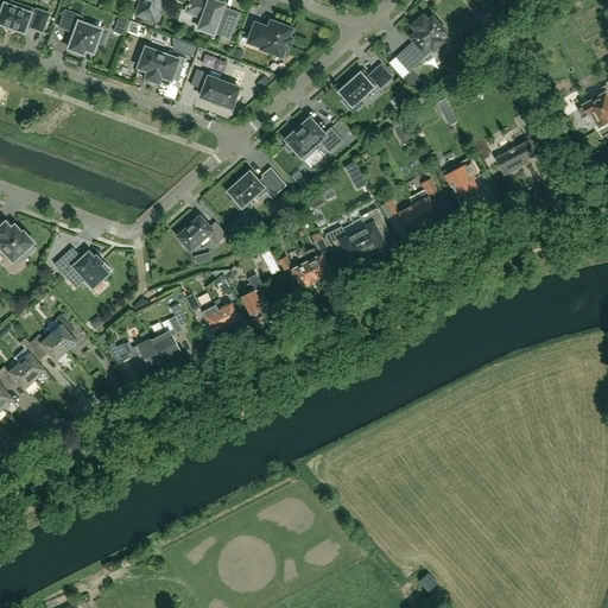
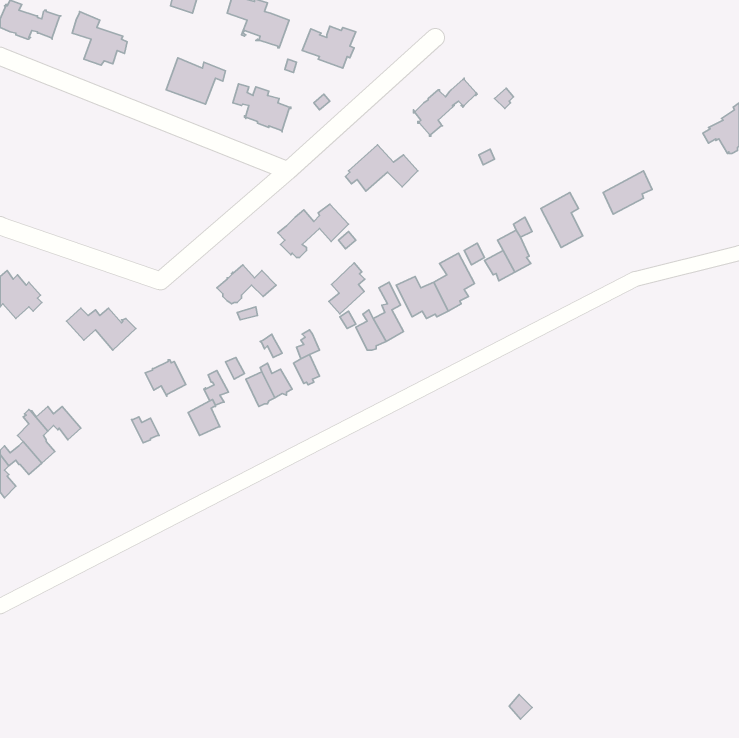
building: [403,17,444,65] -> none
building: none -> [329,263,365,314]
building: [46,314,77,352] -> none
building: [131,337,164,367] -> [145,360,186,396]

